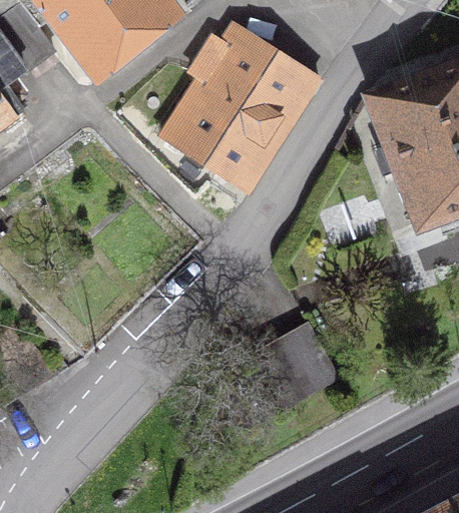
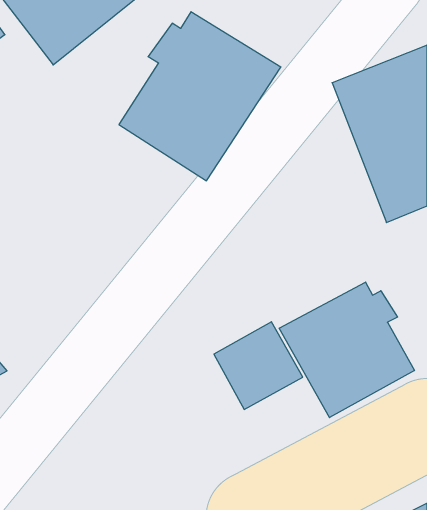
building: none -> [279,282,414,418]

